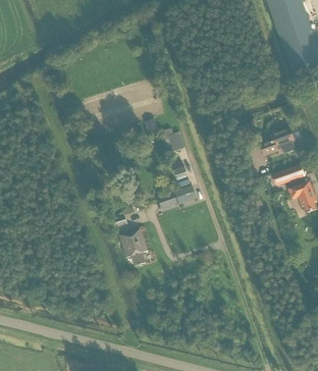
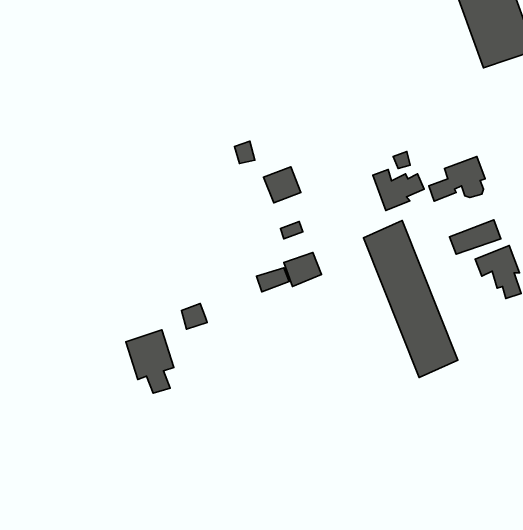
building: none -> [373,170,424,210]
building: none -> [364,221,458,377]
building: [118,225,147,263] -> [126,330,174,393]

